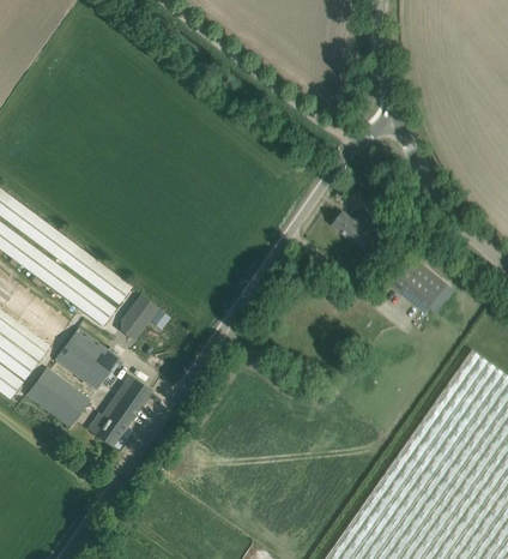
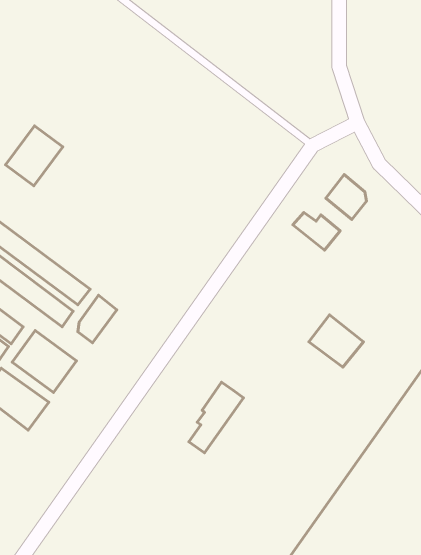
building: none -> [6,126,63,186]
building: none -> [326,175,367,219]
building: [393,260,447,312] -> [309,315,364,367]
building: [97,377,151,446] -> [189,382,243,453]

